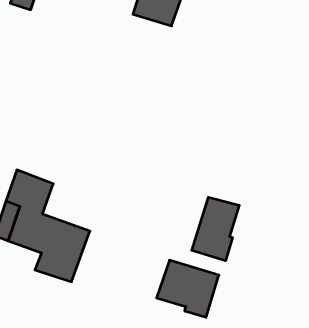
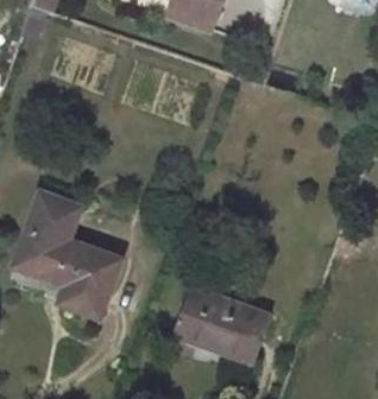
building: [192,197,239,261] -> none

